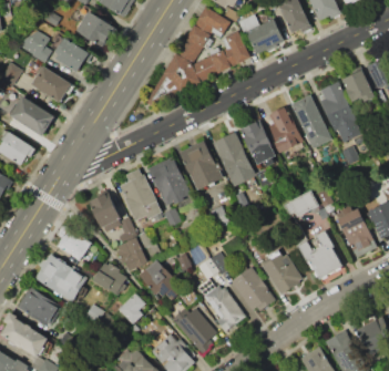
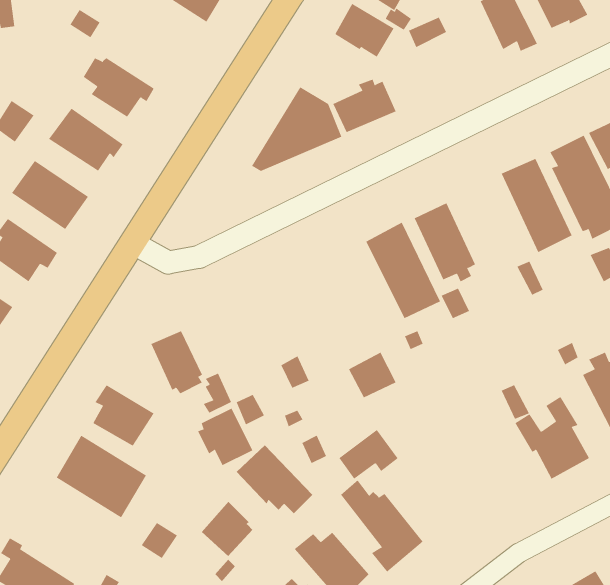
building: [76,11,116,49] -> none
building: [246,20,286,54] -> none
building: [177,25,208,62] -> none
building: [222,31,249,66] -> none
building: [18,32,51,62] -> none
building: [266,109,304,153] -> none
building: [180,141,224,193] -> none
building: [149,157,191,206] -> none
building: [119,168,162,221] -> none
building: [283,192,318,218] -> none
building: [260,249,303,295] -> none
building: [93,264,126,295] -> none
building: [232,267,275,311] -> none
building: [17,286,60,326] -> none

